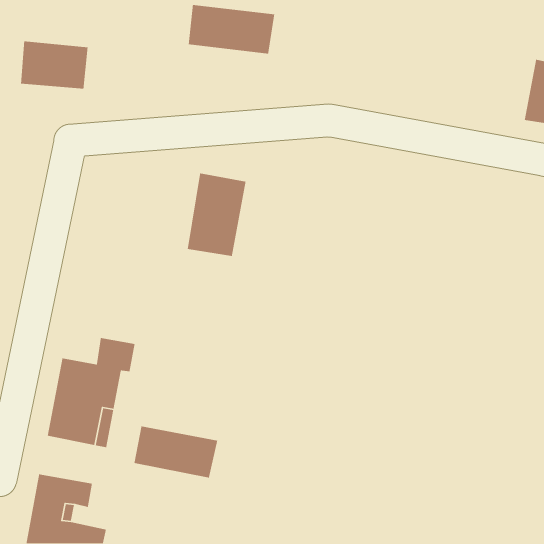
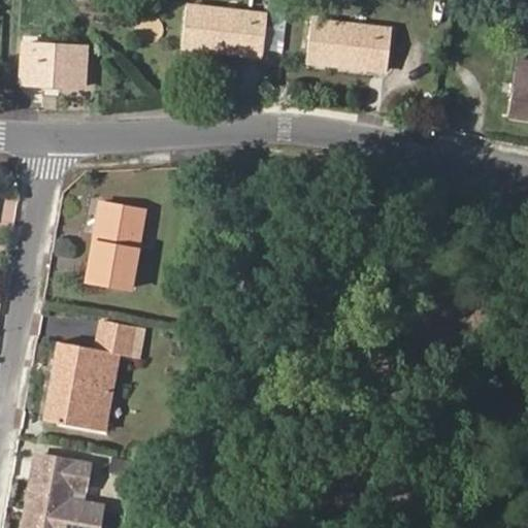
building: none -> [306,18,390,70]
building: [187,173,246,257] -> [89,208,146,290]
building: [134,425,218,479] -> none

